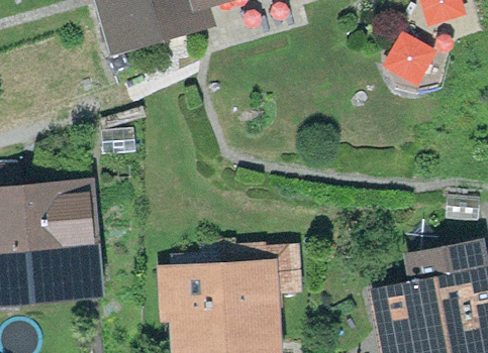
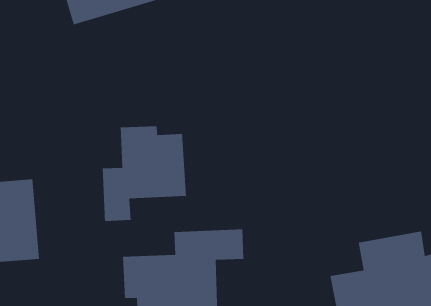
building: none -> [102,125,187,222]

